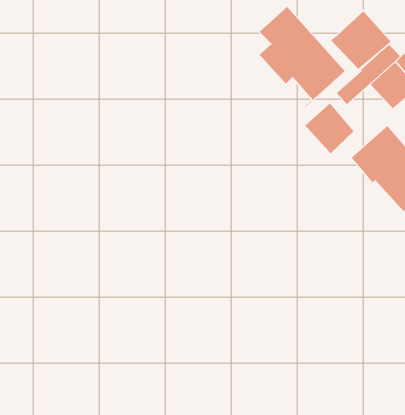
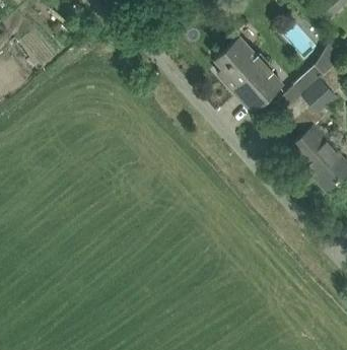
building: [330,10,391,70] -> none
building: [304,102,355,154] -> none

